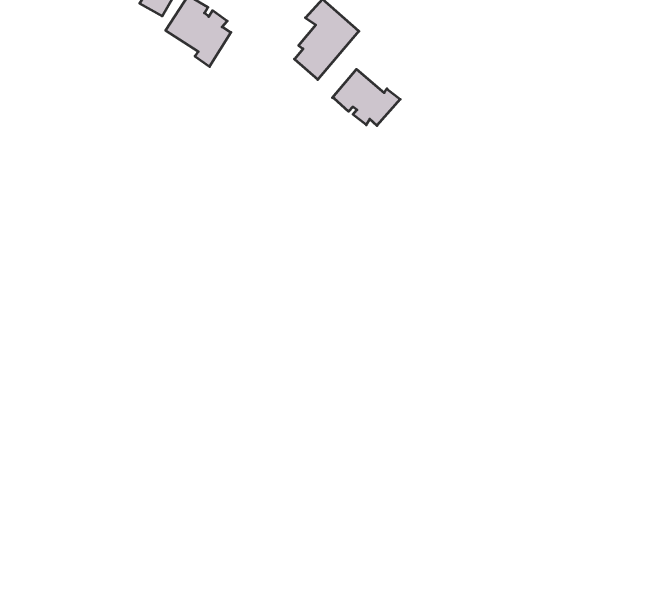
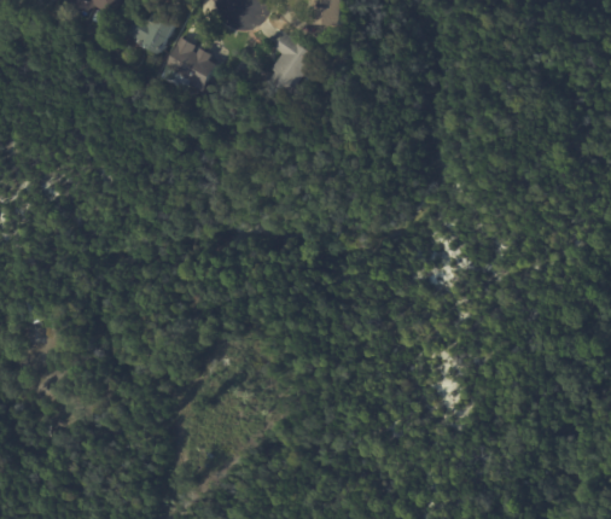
building: [332,69,400,126] -> none

